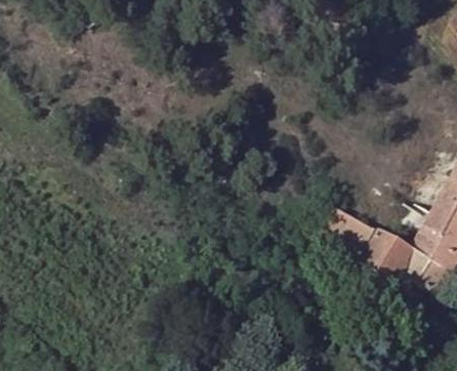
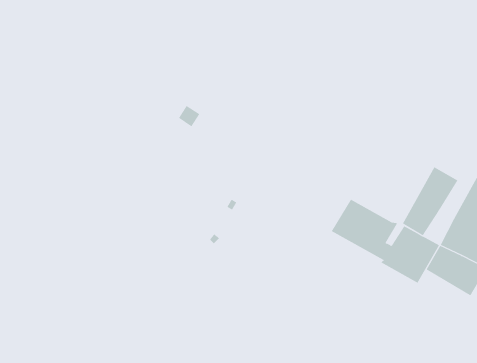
building: none -> [402,167,458,236]

